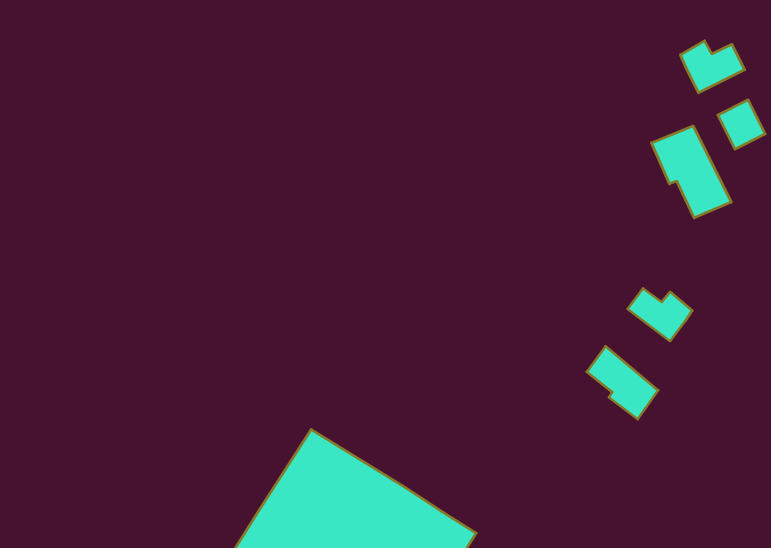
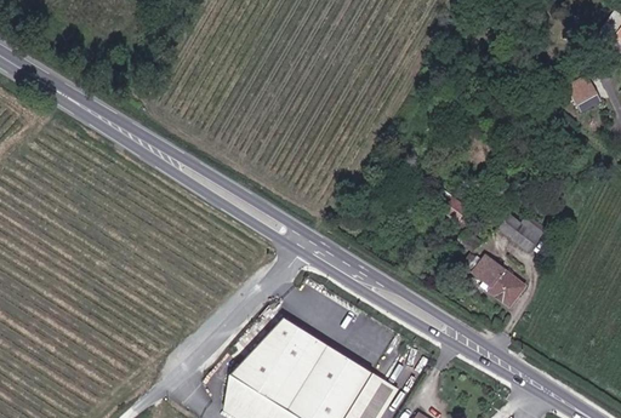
building: [680,41,745,93] -> none
building: [651,126,731,218] -> none

